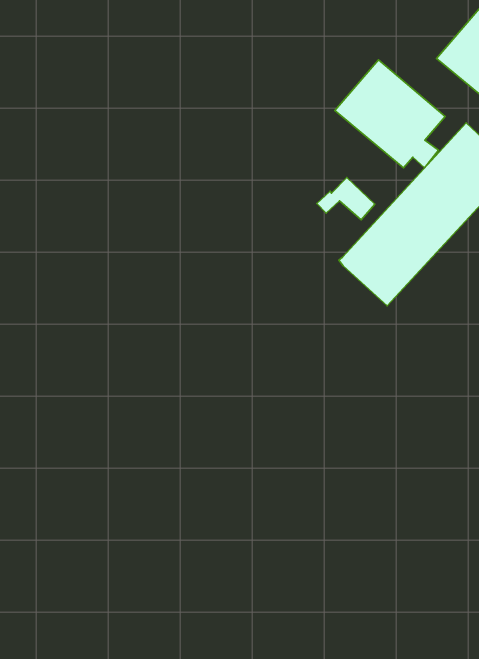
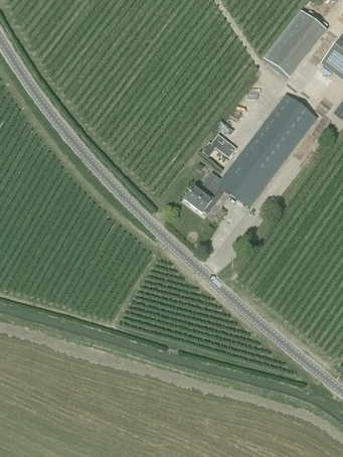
building: [335,60,445,168] -> none
building: none -> [185,176,221,211]

